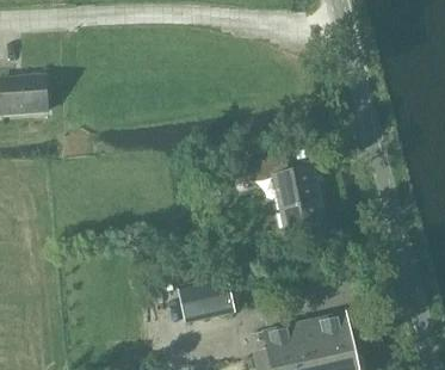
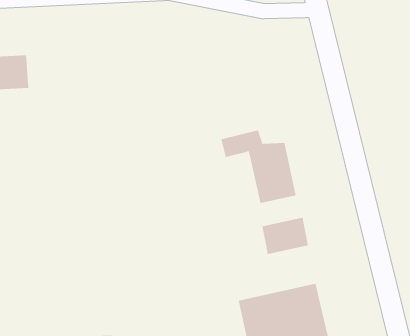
building: none -> [262,217,308,255]
building: [180,277,239,322] -> none

